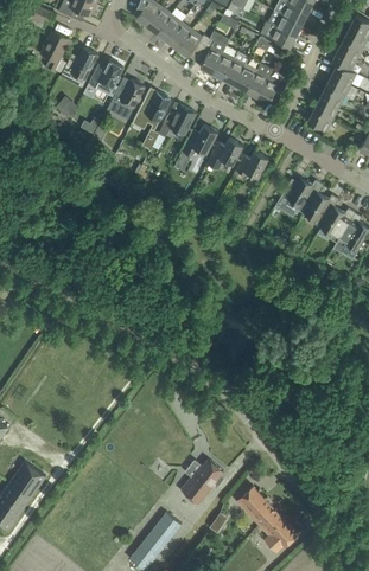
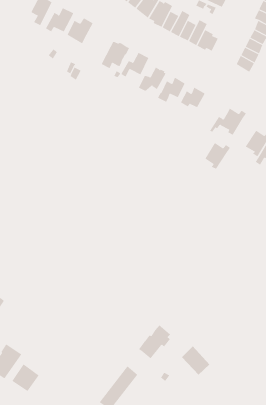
building: [110,79,144,110] -> none
building: [304,192,338,227] -> [204,142,231,170]
building: [8,461,45,498] -> [11,364,40,392]
building: [259,511,297,546] -> none

